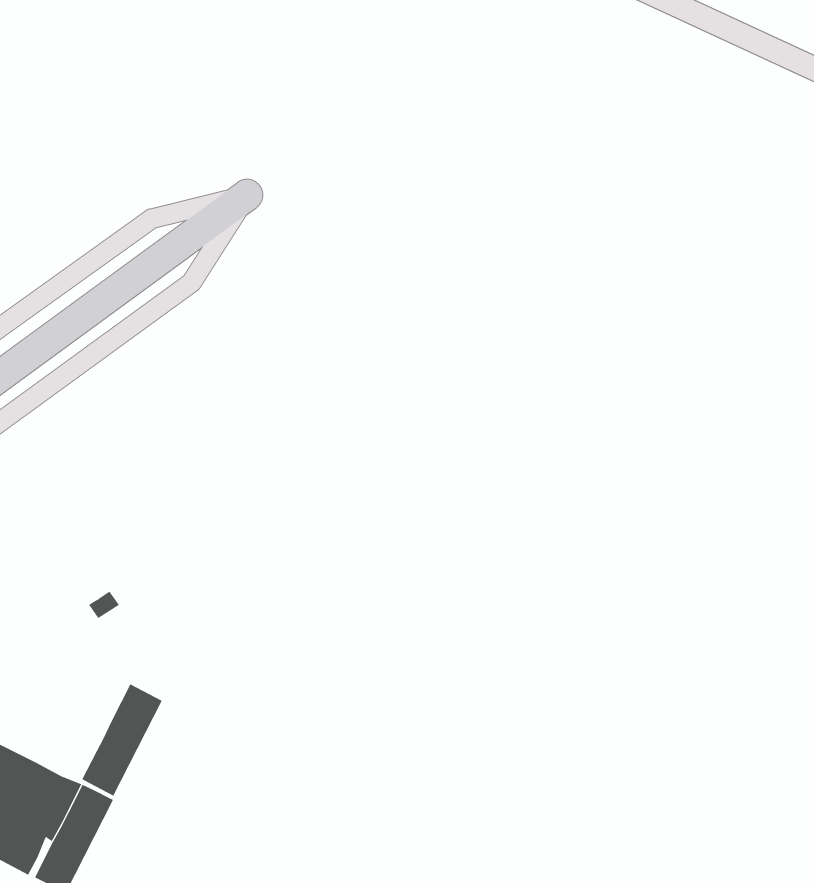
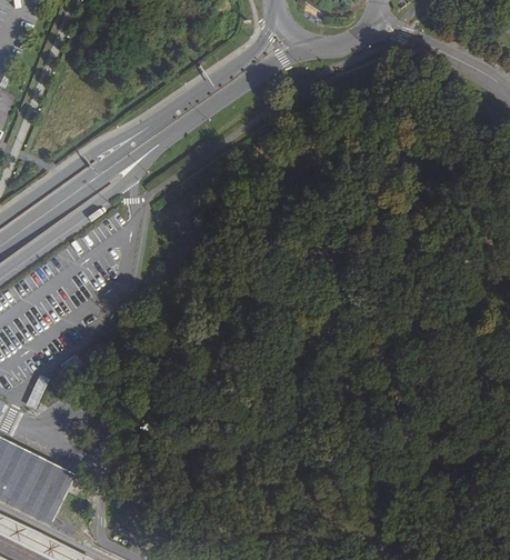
building: [81,684,163,796] -> none

